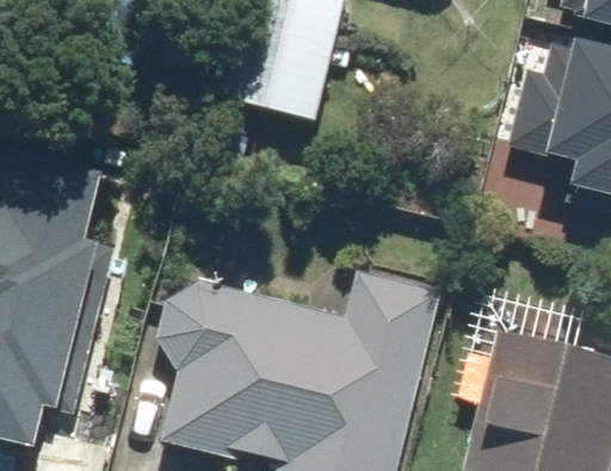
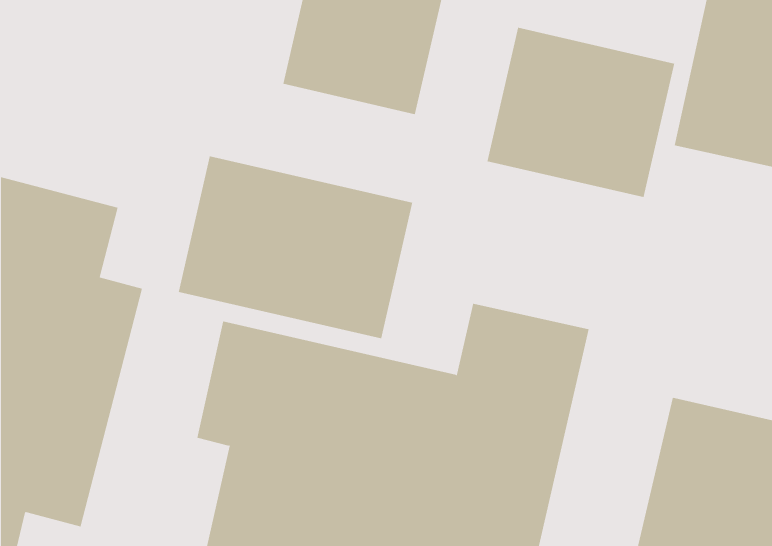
building: none -> [487,27,675,198]
building: none -> [178,155,413,339]

